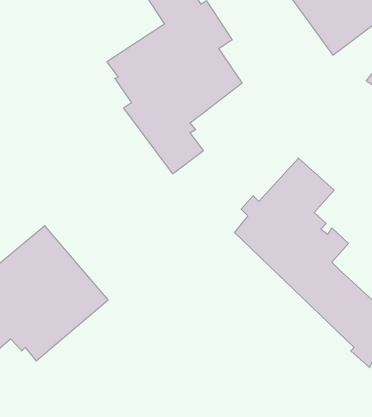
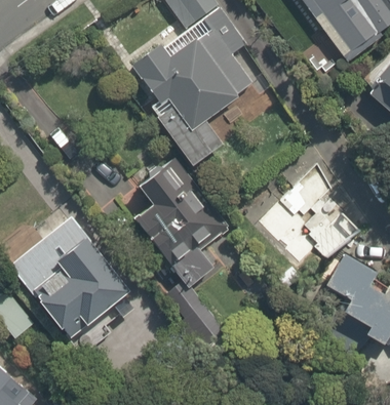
building: none -> [125,159,230,342]

